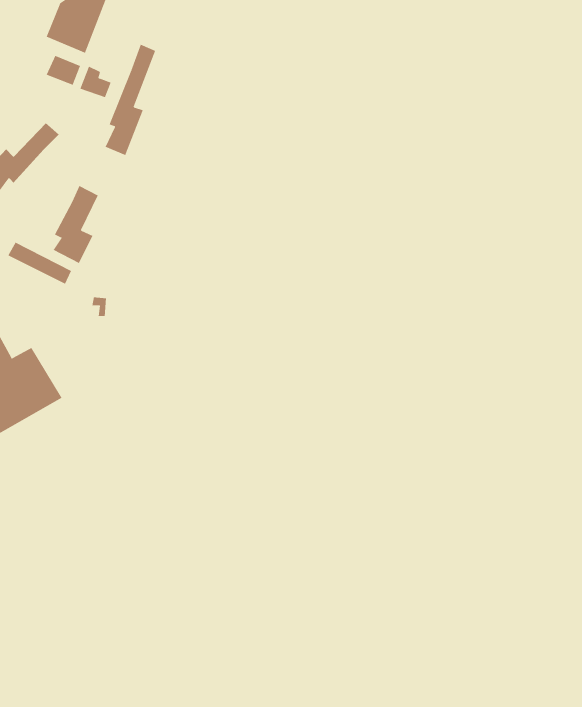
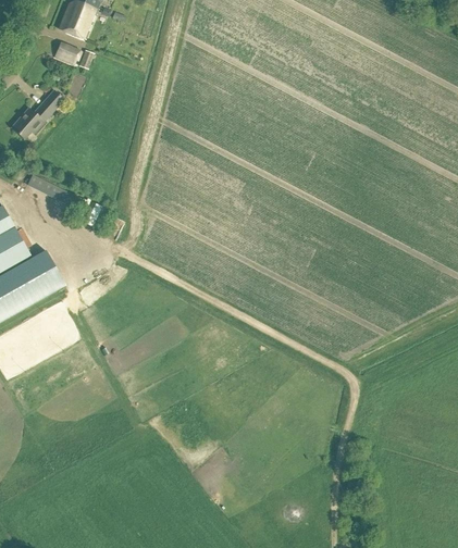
building: [105,44,156,156] -> none
building: [53,185,99,264] -> none

